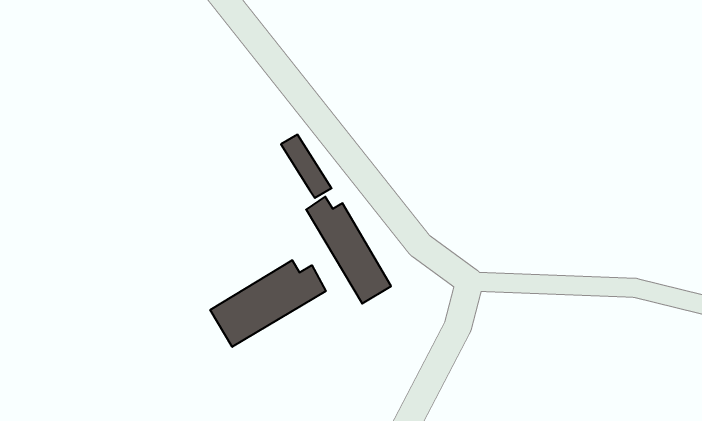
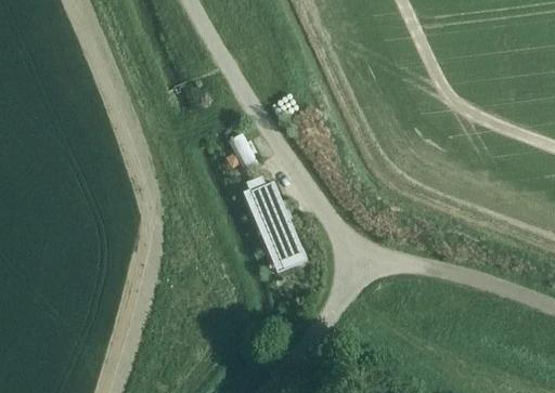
building: [210,260,326,347] -> none

